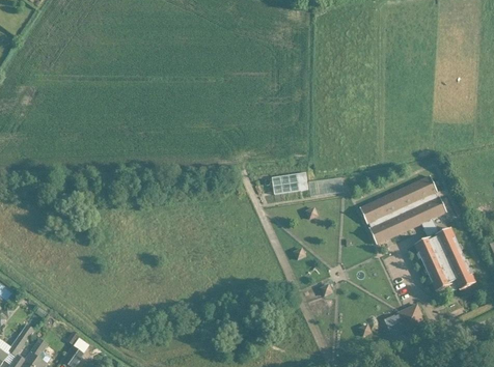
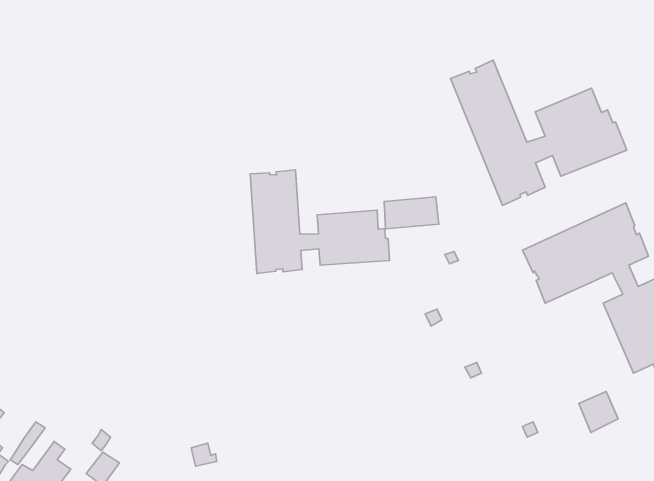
building: none -> [450,60,627,205]
building: none -> [250,170,389,273]

